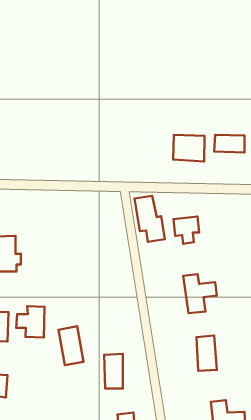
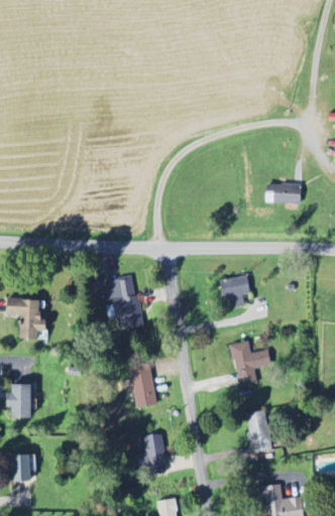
building: [173,135,205,161] -> none
building: [135,196,165,242] -> [108,276,142,329]
building: [16,306,45,337] -> none
building: [59,326,84,365] -> [128,364,156,408]

